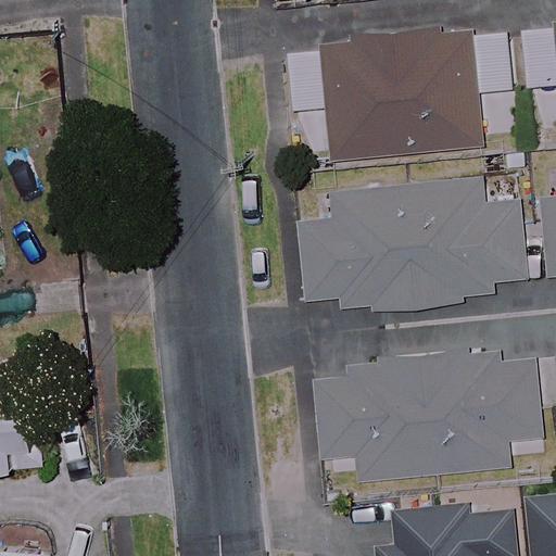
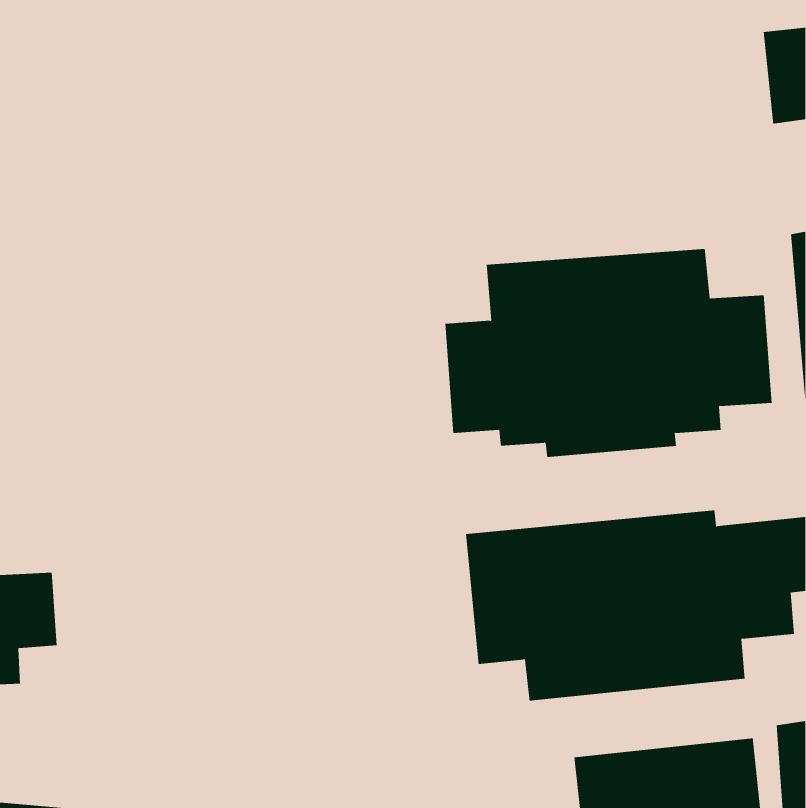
building: [288,28,511,161] -> none

